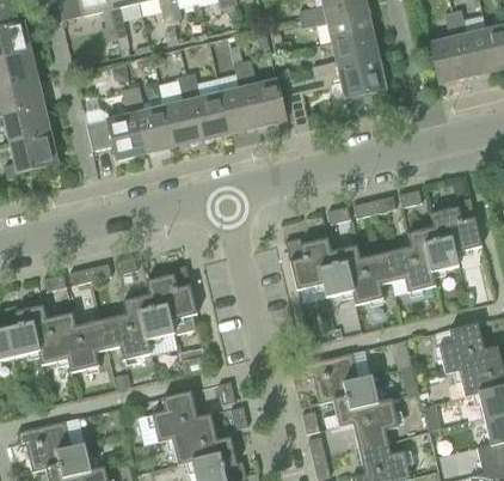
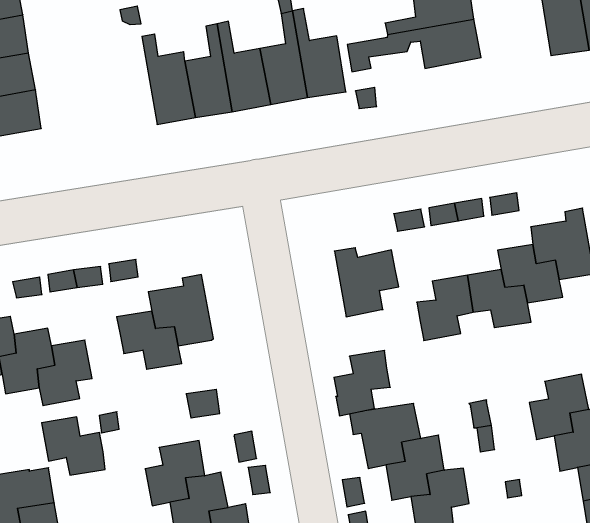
building: [81,87,145,159] -> none
building: [320,245,363,297] -> [334,350,390,416]
building: [100,313,150,358] -> [42,417,105,475]

